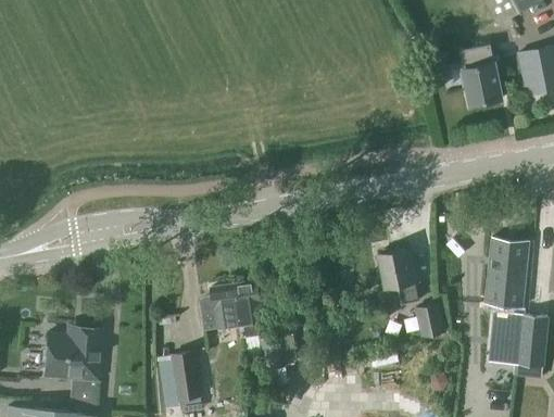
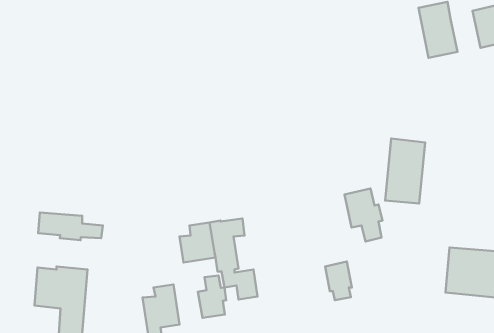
building: [487,237,530,307] -> [385,139,425,204]
building: none -> [38,213,103,240]
building: [417,303,446,345] -> [325,261,352,300]
building: none -> [198,275,226,318]

